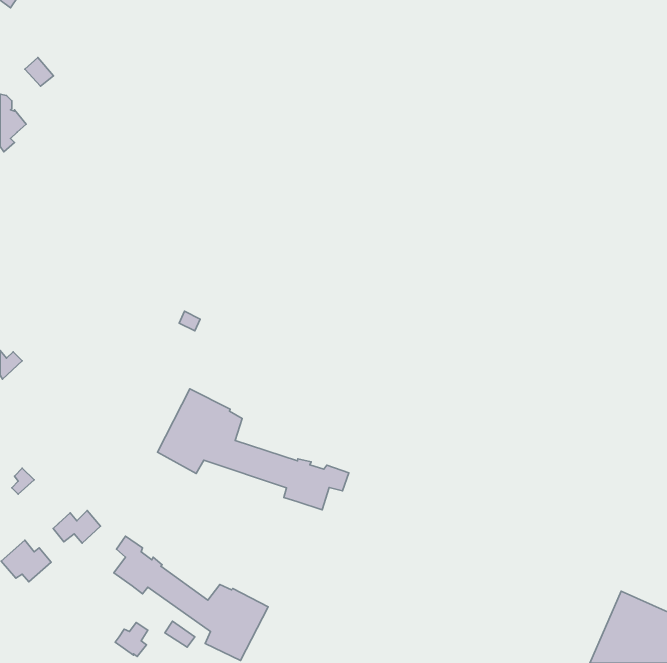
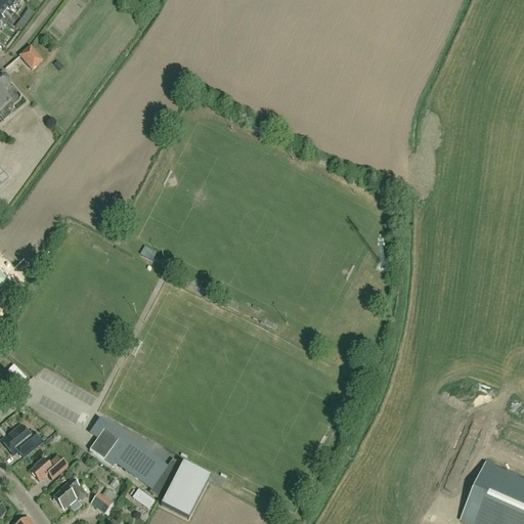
building: [157,389,349,510] -> none
building: [53,510,100,543] -> [31,454,68,480]
building: none -> [53,477,86,509]

